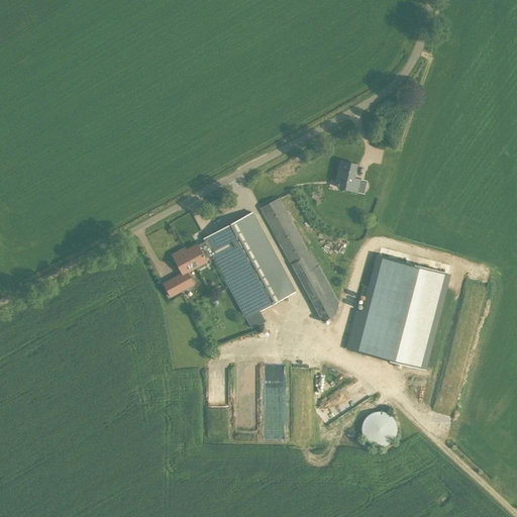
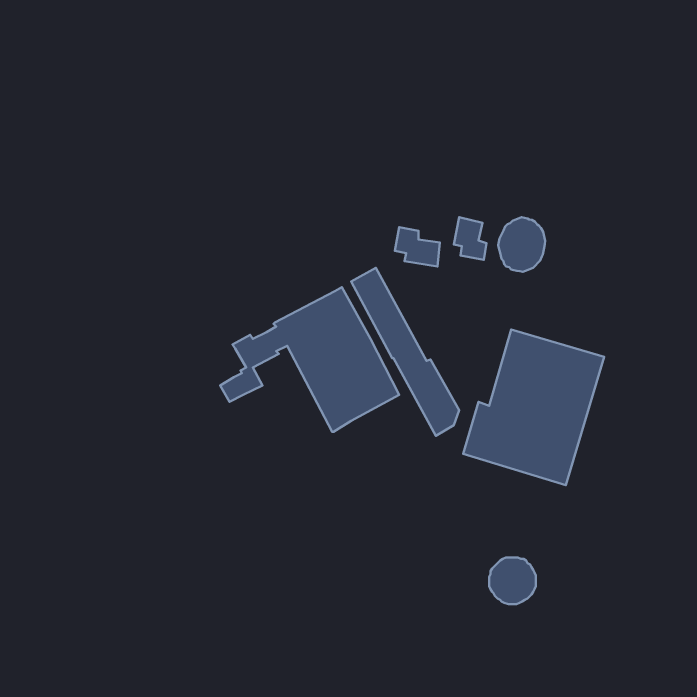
building: none -> [498,217,545,272]
building: none -> [395,227,440,266]

